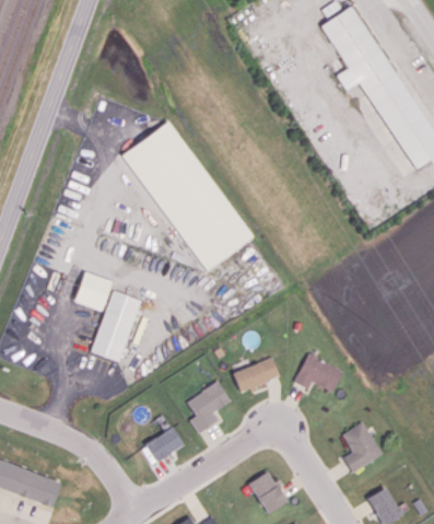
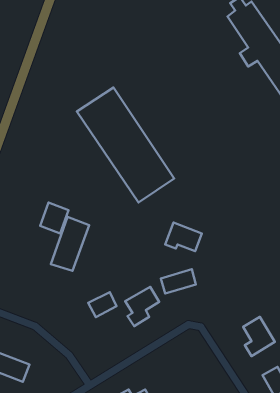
building: [294,354,342,392] -> [165,223,202,251]
building: [145,428,183,461] -> [88,292,116,317]
building: [248,470,286,514] -> none

